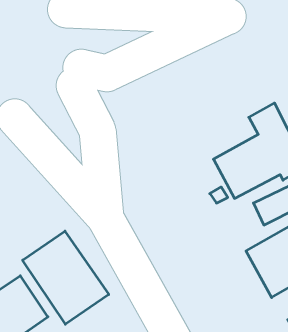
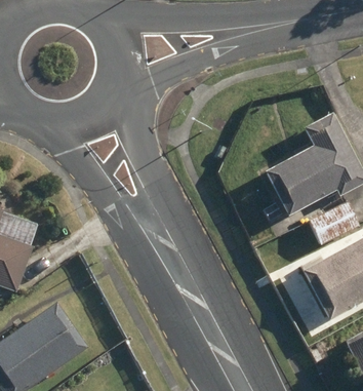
building: [23,231,109,324] -> none

